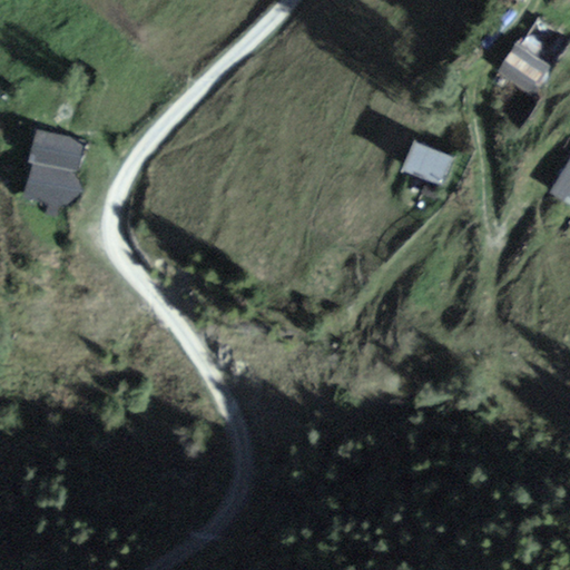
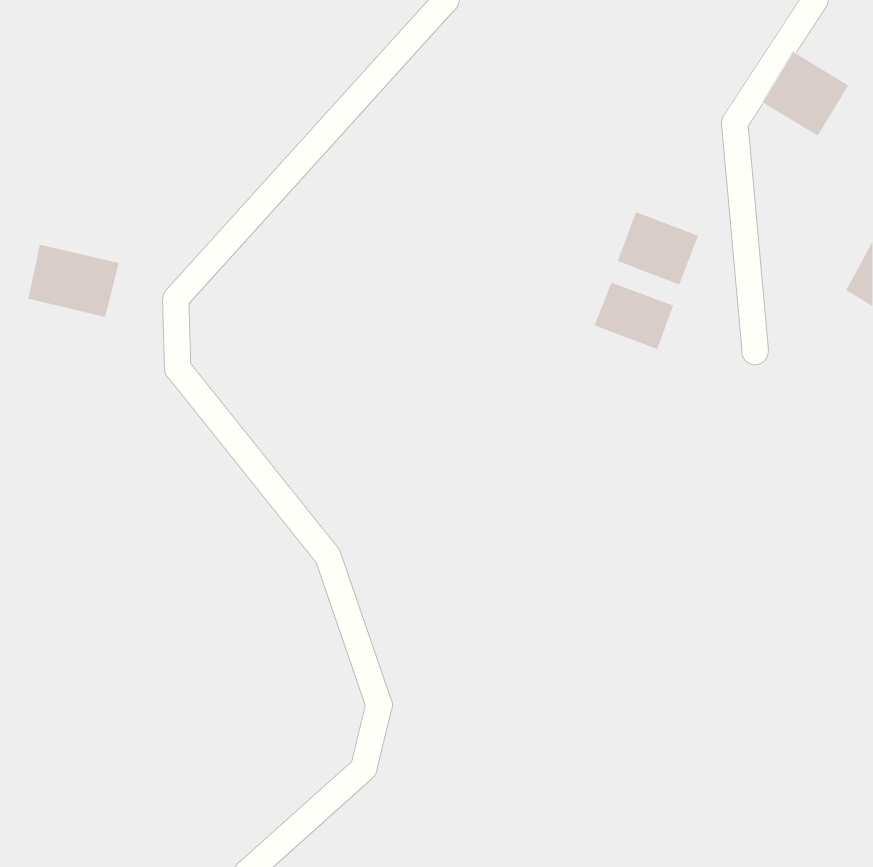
building: [26,127,87,175] -> none
building: none -> [594,282,674,350]

